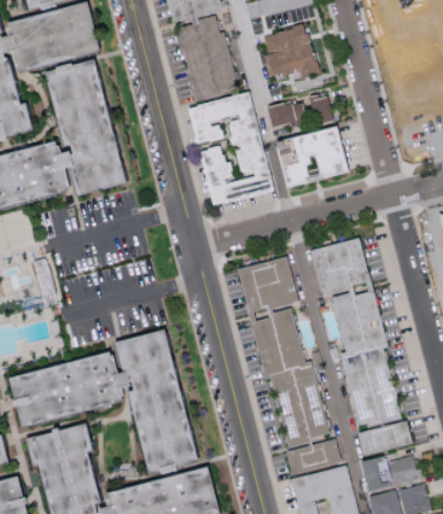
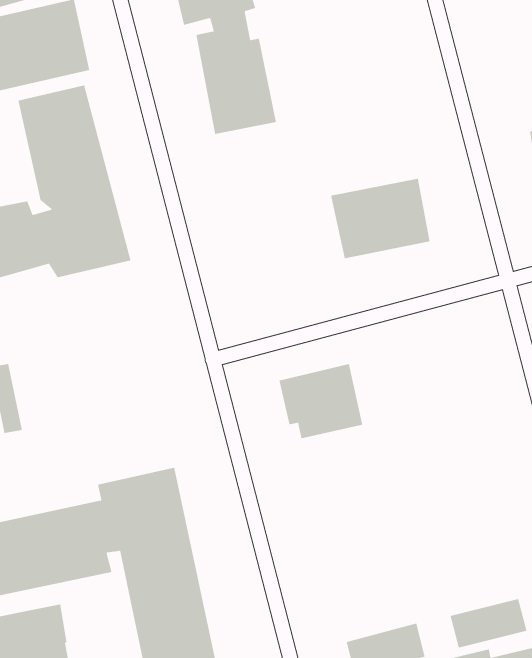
building: [262,24,317,76] -> none
building: [186,93,270,204] -> none
building: [267,95,332,128] -> none
building: [310,238,400,426] -> none
building: [256,308,330,445] -> none

